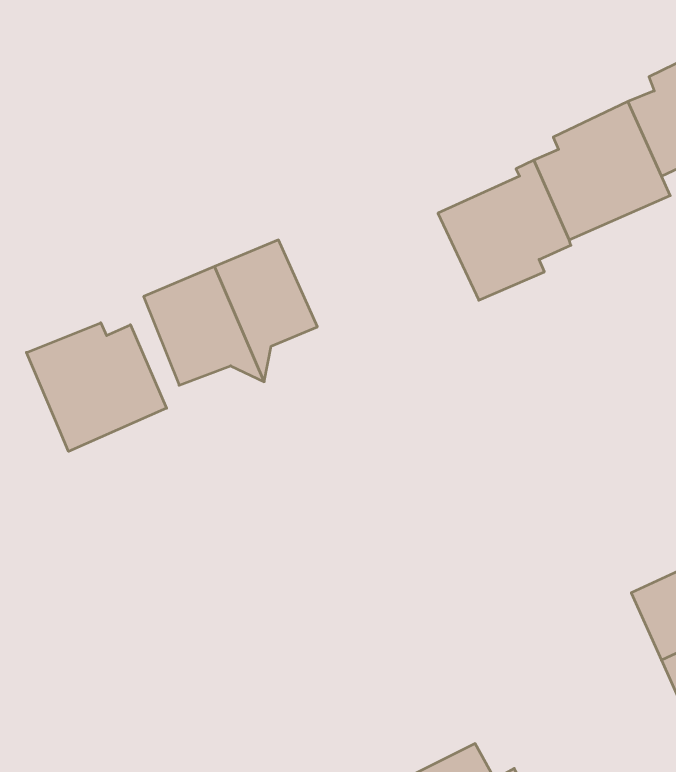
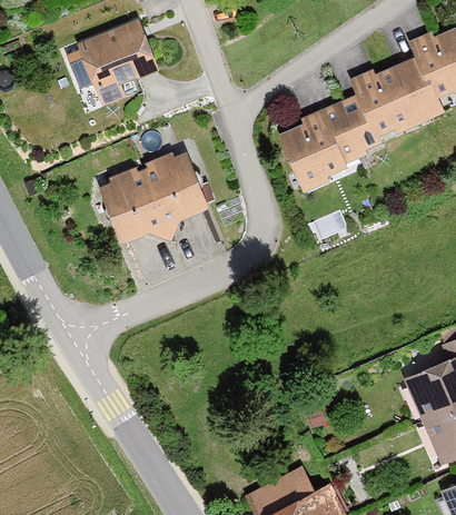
building: none -> [76,18,157,106]
building: [26,323,167,451] -> none

